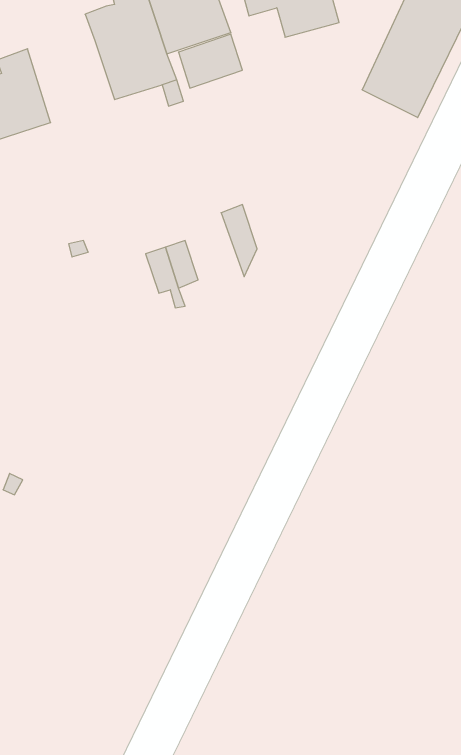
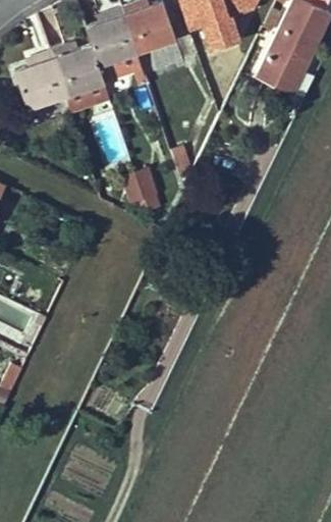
building: none -> [50,44,110,111]

